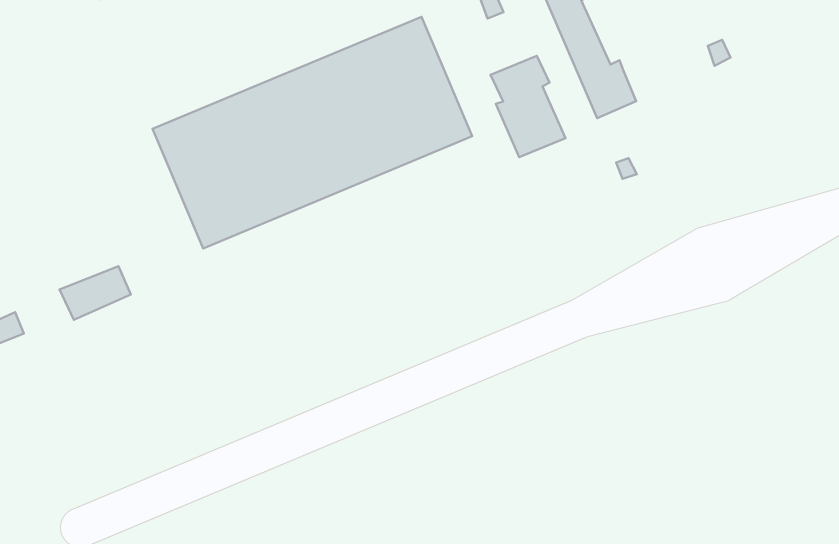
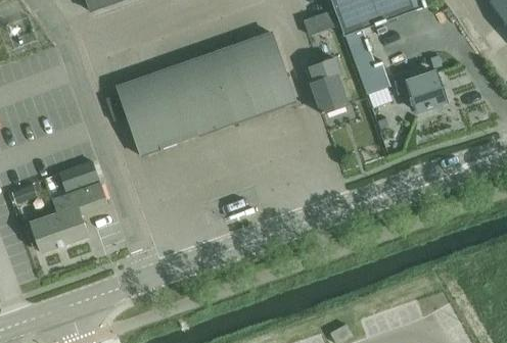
building: none -> [394,72,445,112]
building: none -> [32,183,108,252]

